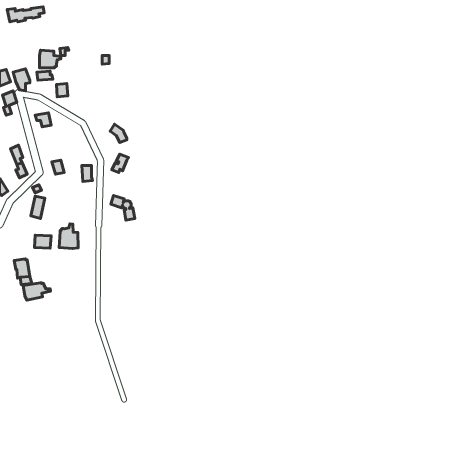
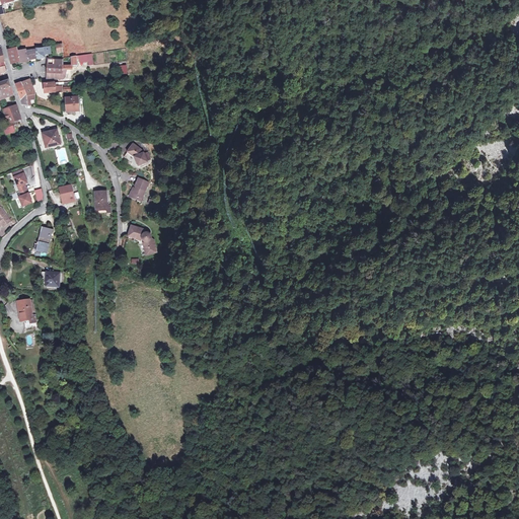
building: [7,7,44,22] -> [7,46,50,63]
building: [59,224,78,248] -> none
building: [23,283,50,300] -> none

